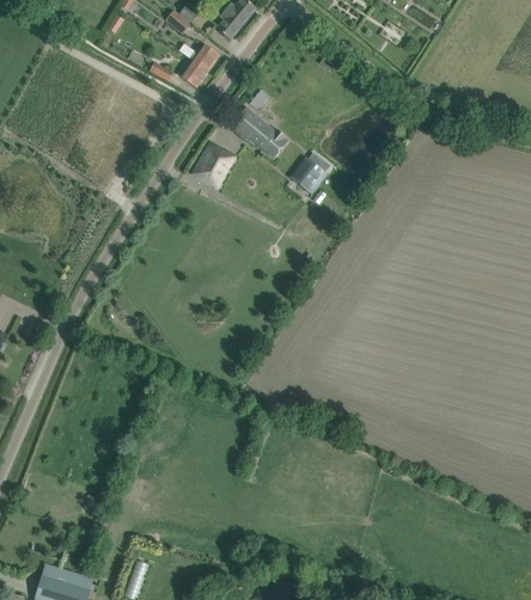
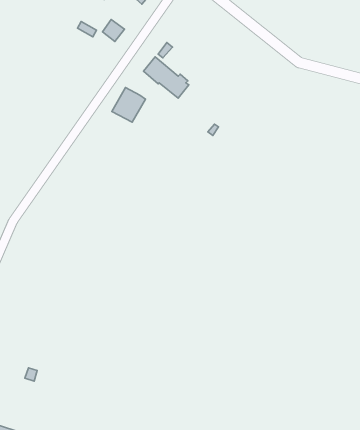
building: [179,42,220,71] -> none
building: [291,157,323,189] -> none

